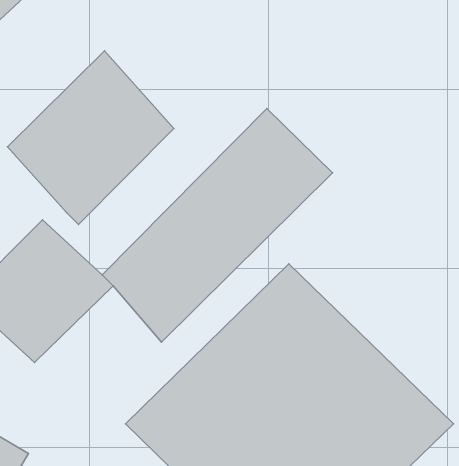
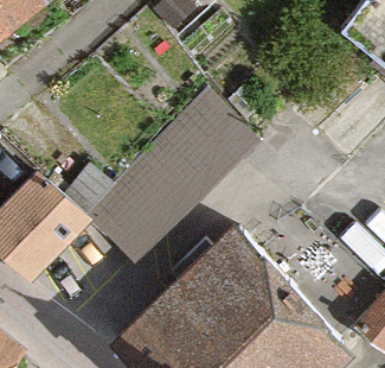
building: [7,51,174,225] -> none

